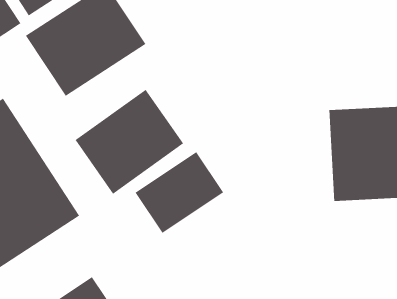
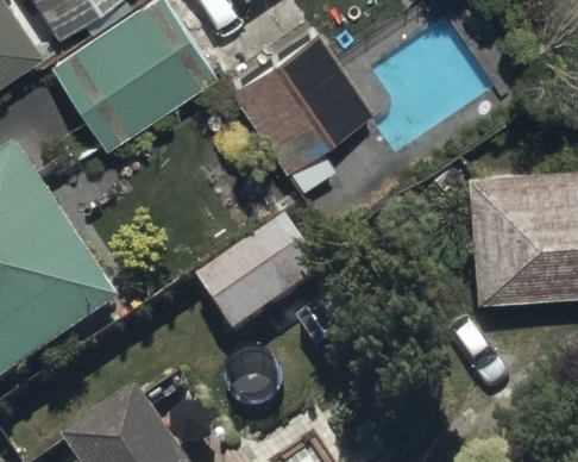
building: none -> [227,23,370,182]
building: [74,89,184,195] -> none

